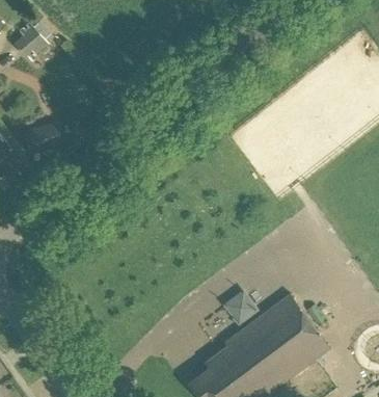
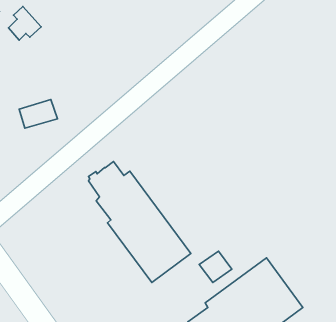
building: none -> [89,162,191,283]

